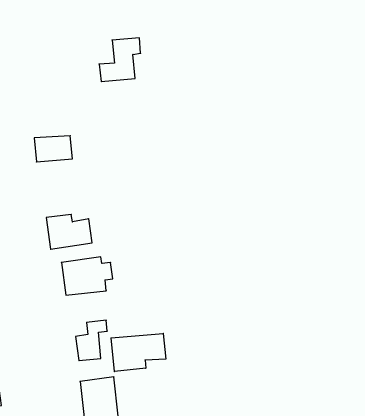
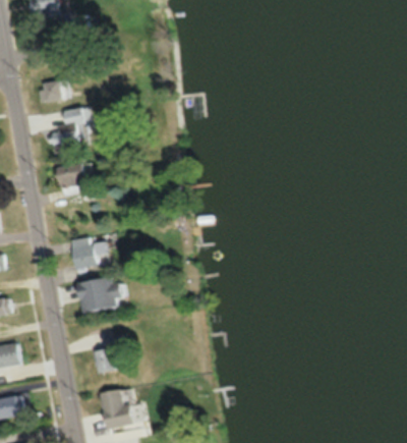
building: [99,38,141,82] -> [49,108,88,149]
building: none -> [36,79,66,104]
building: [111,333,166,372] -> none

